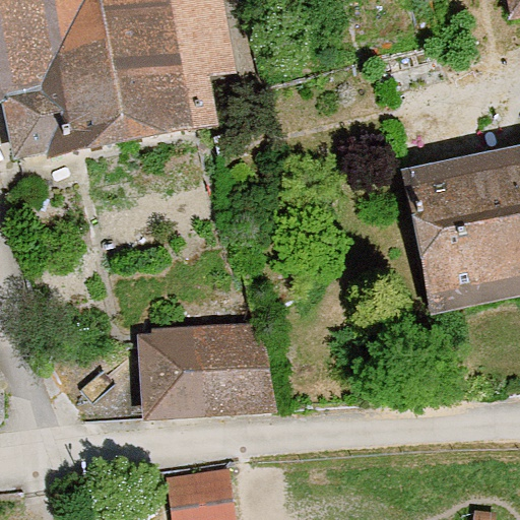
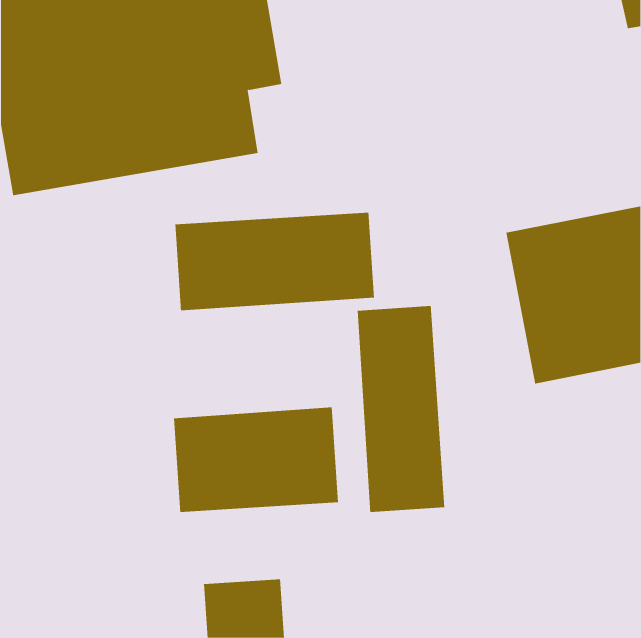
building: none -> [175,212,374,311]
building: none -> [357,305,445,513]

